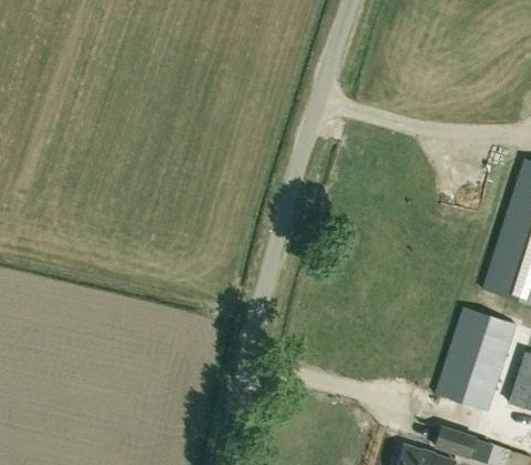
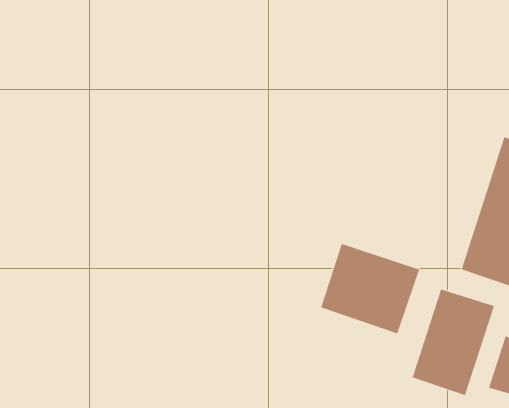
building: none -> [321,243,420,334]

